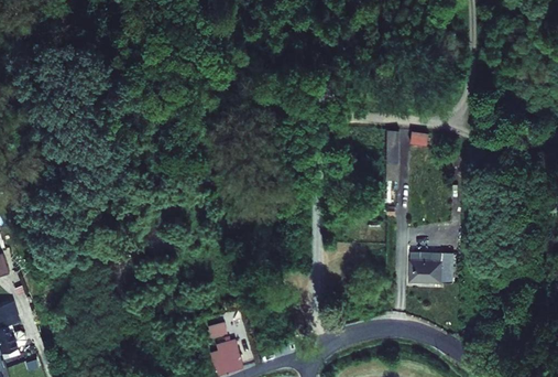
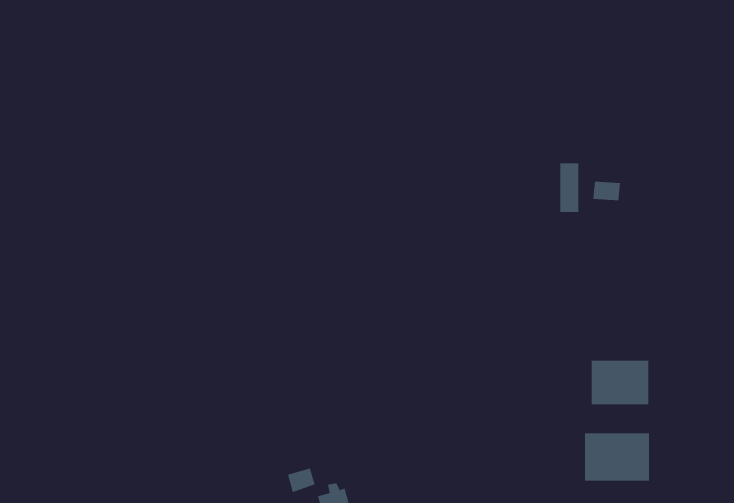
building: none -> [585,433,650,481]

